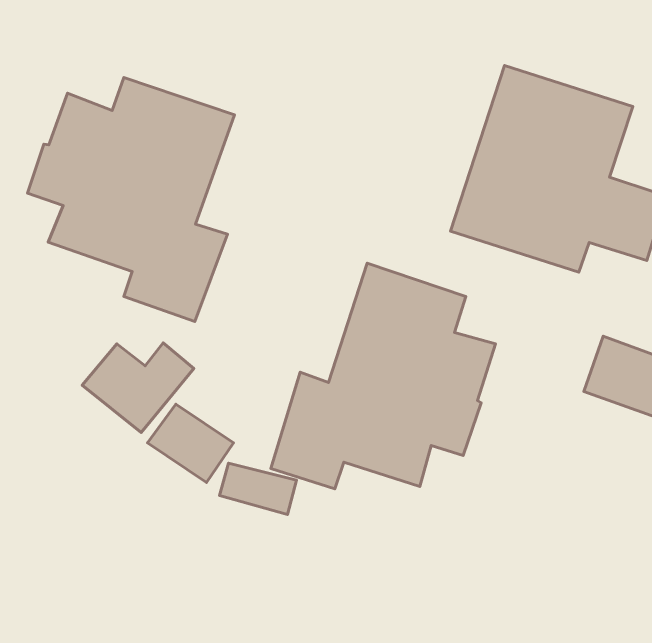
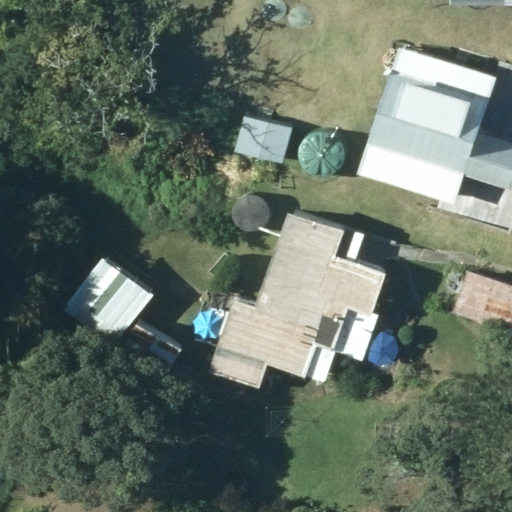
building: [28,77,234,322] -> none

